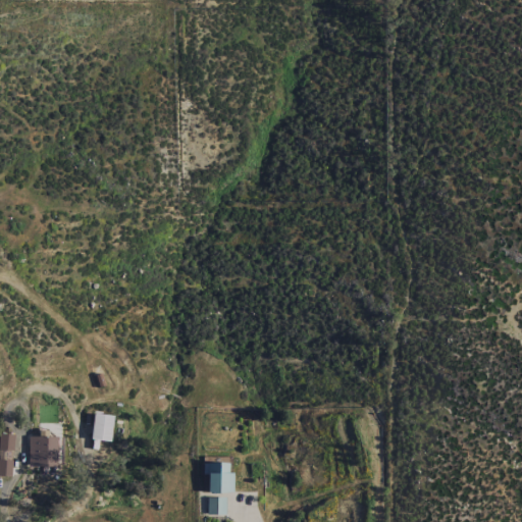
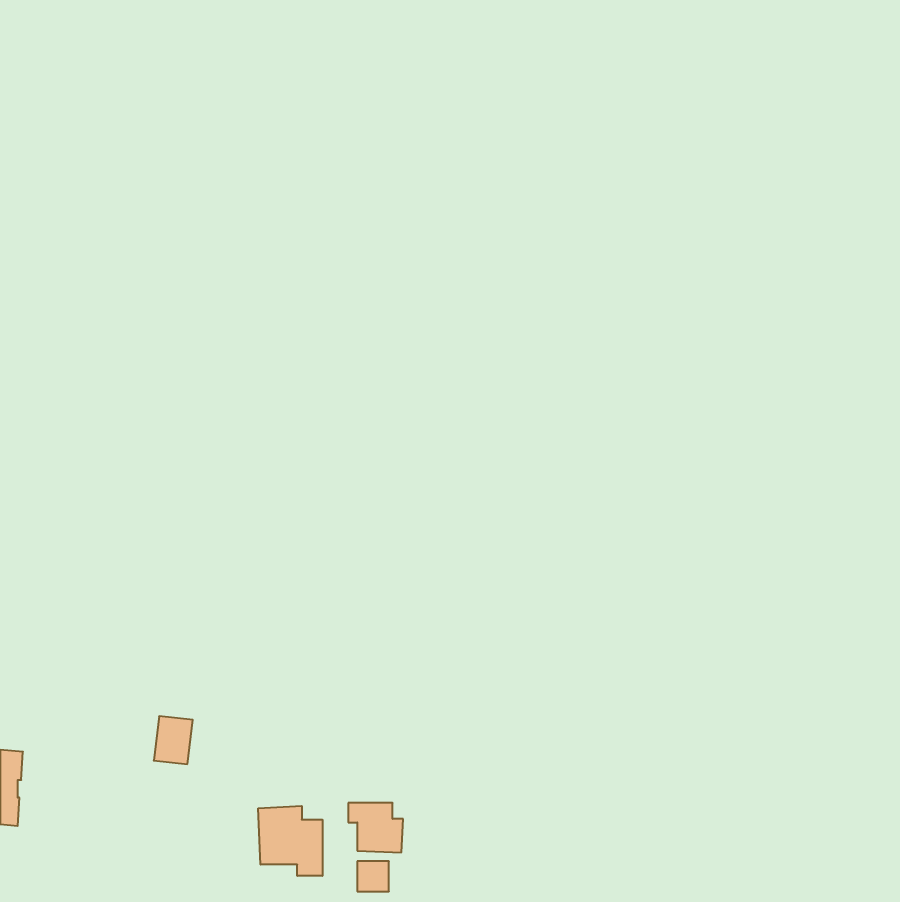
building: [29,430,57,466] -> none
building: none -> [258,806,322,876]

